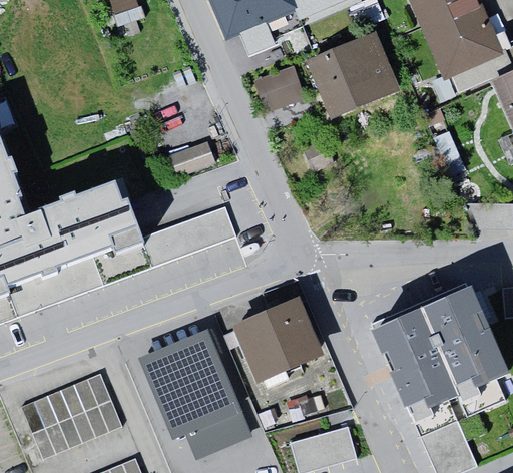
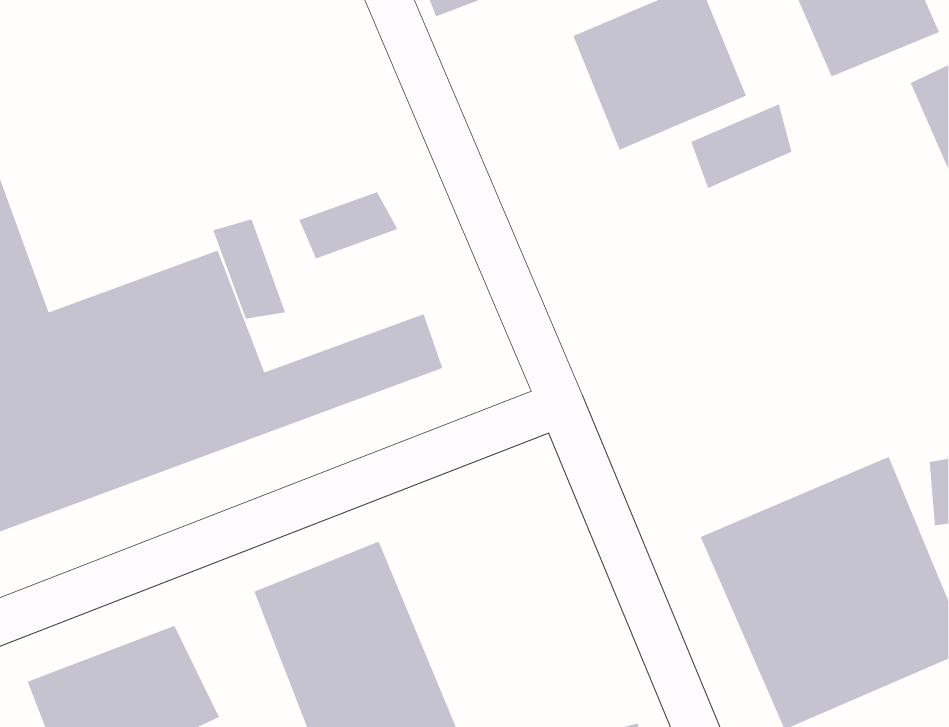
building: [256,66,304,110] -> none
building: none -> [690,104,792,189]
building: none -> [213,219,286,319]
building: [234,302,325,390] -> none

